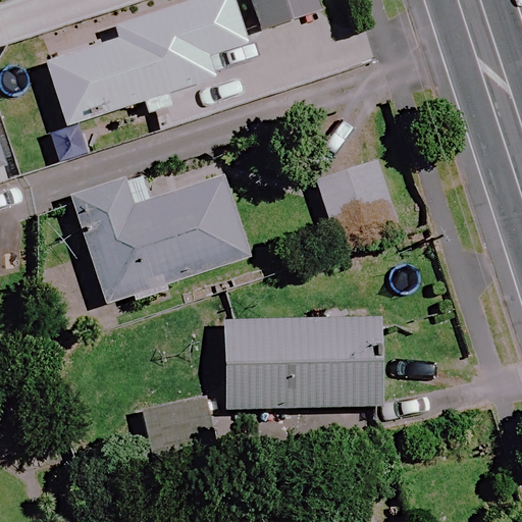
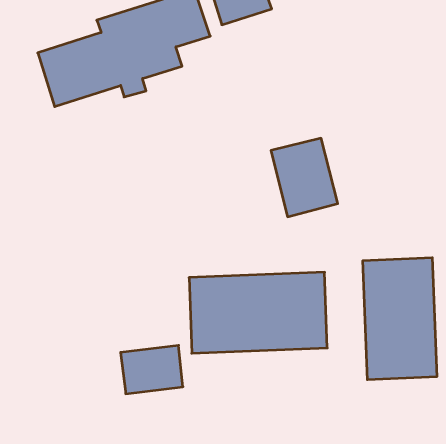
building: [72,174,250,302] -> none
building: none -> [363,258,437,380]

